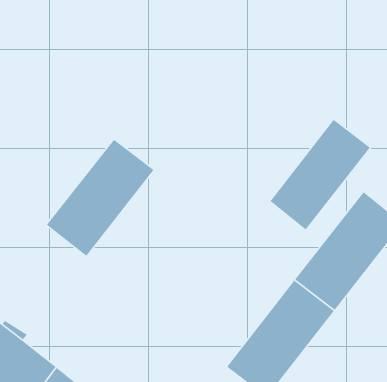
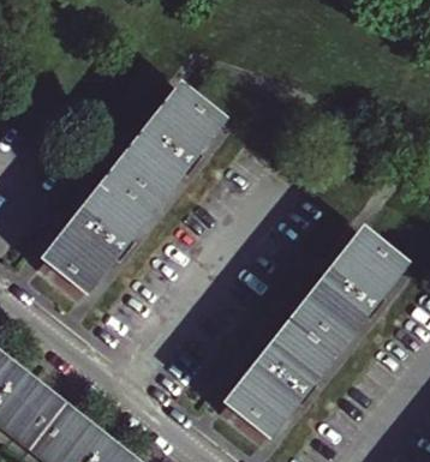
building: none -> [115,86,225,206]
building: [270,119,371,230] -> none

